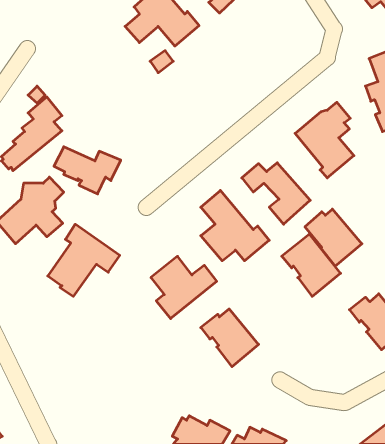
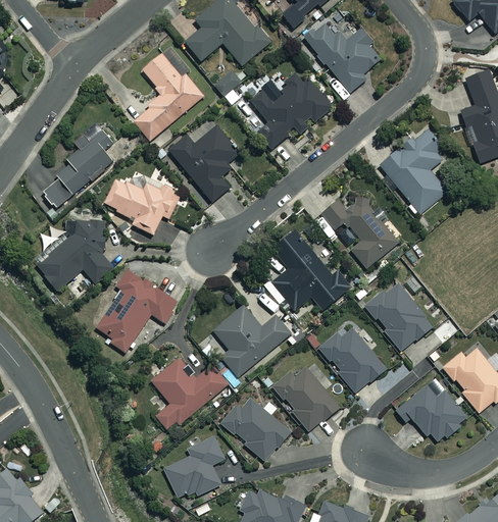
building: none -> [305,19,381,92]
building: none -> [134,53,203,140]
building: none -> [248,74,333,148]
building: none -> [168,125,238,203]
building: [305,209,362,266] -> [319,327,385,393]
building: none -> [151,357,228,430]
building: none -> [396,384,468,442]
building: none -> [220,393,292,460]
building: none -> [163,436,225,498]

